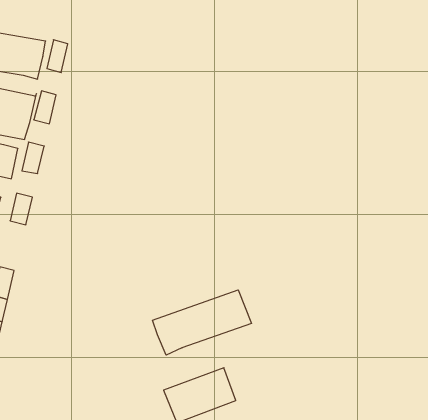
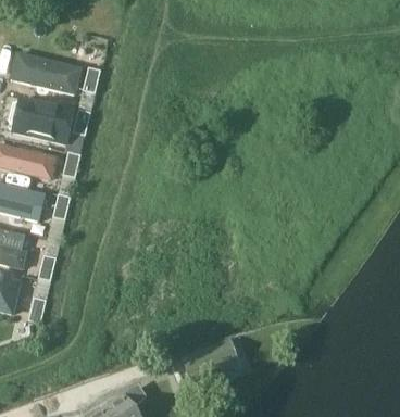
building: [152,290,252,355] -> none

